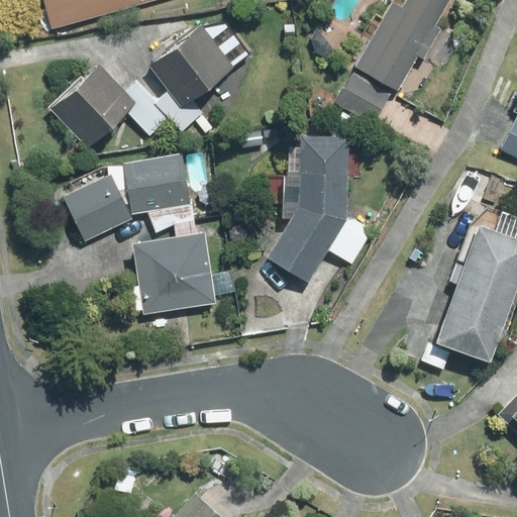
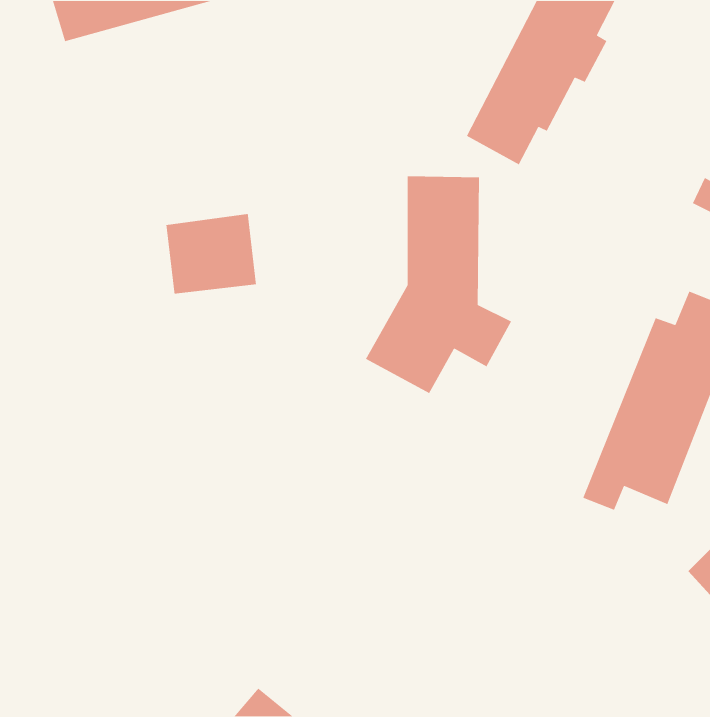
building: [51,25,234,148] -> none
building: [63,177,132,244] -> none
building: [132,233,213,314] -> none

